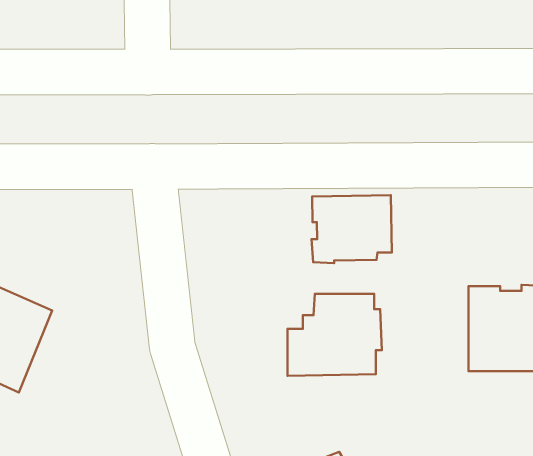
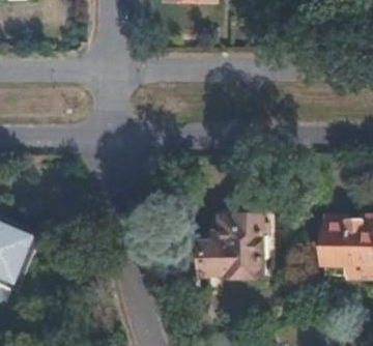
building: [311,195,392,263] -> none

